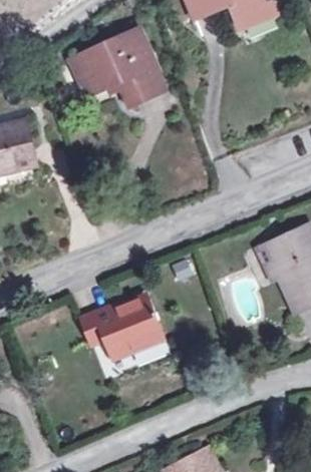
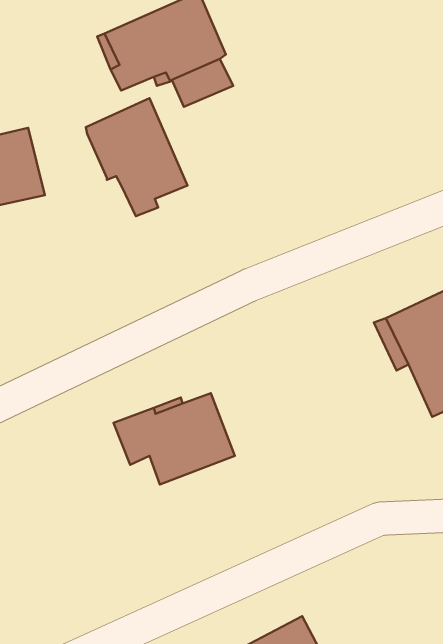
building: none -> [86,98,188,216]

